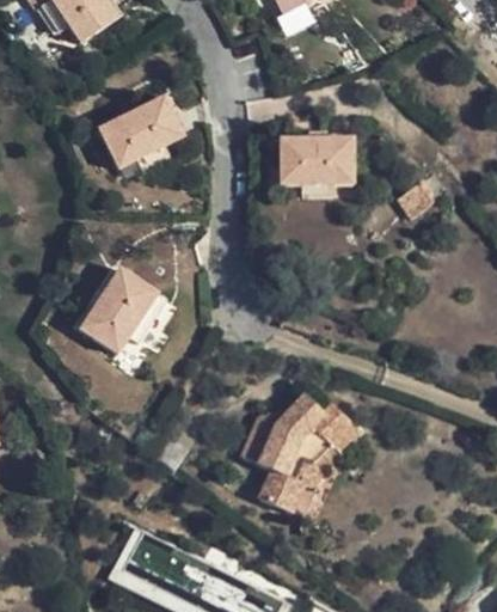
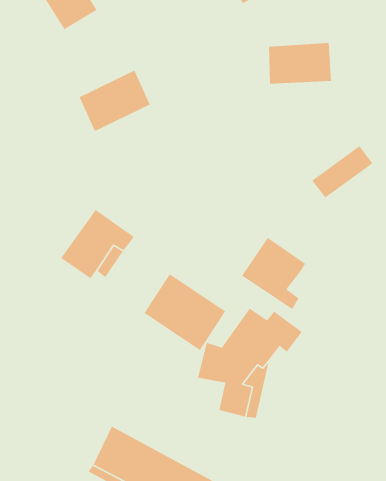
building: [278,136,354,186] -> [268,42,332,85]
building: none -> [241,237,306,310]
building: none -> [144,273,226,351]

